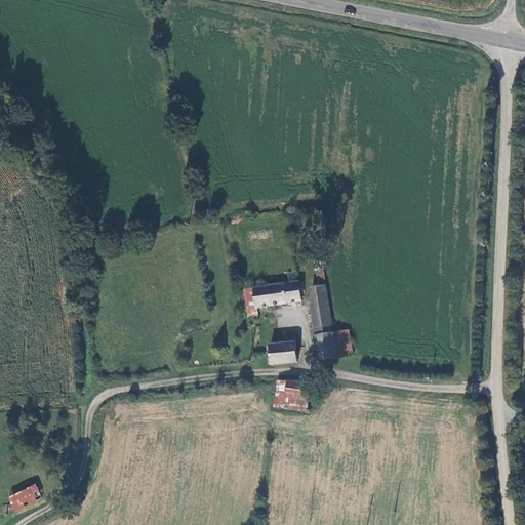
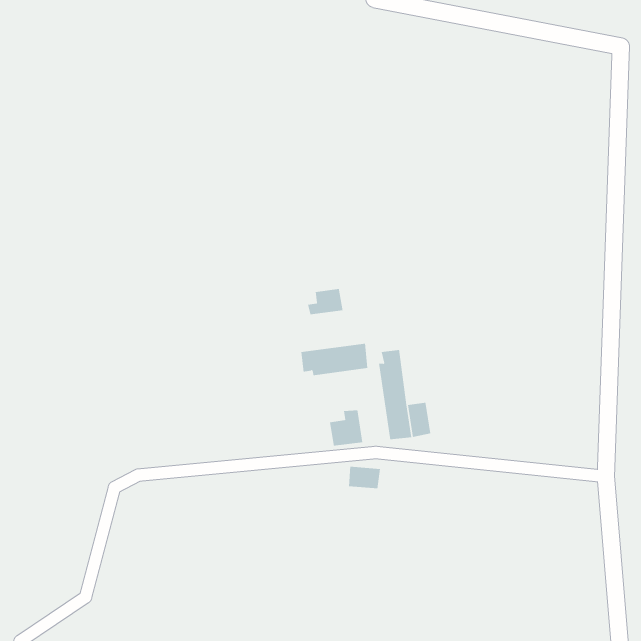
building: none -> [308,288,343,315]
building: [6,482,41,511] -> none

